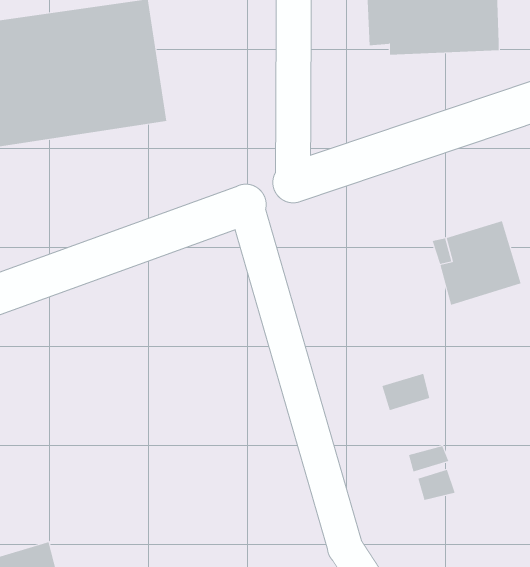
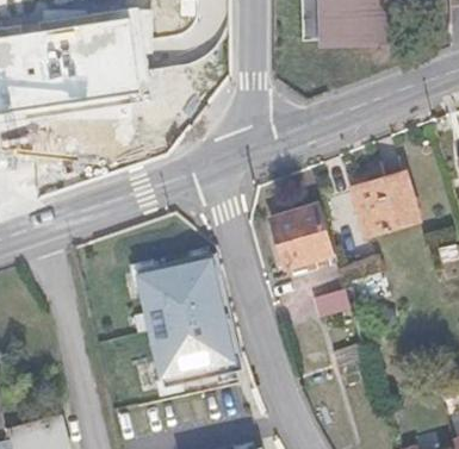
building: none -> [272,202,334,267]
building: none -> [125,256,224,389]

